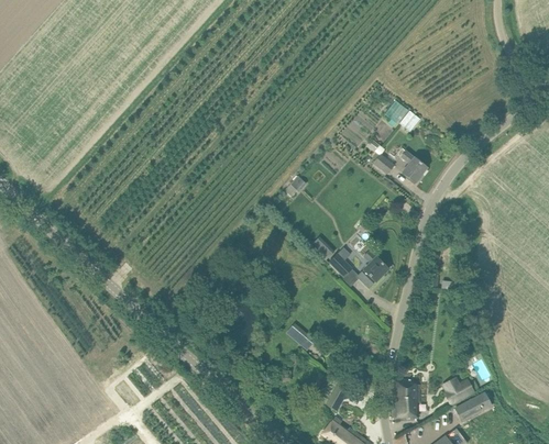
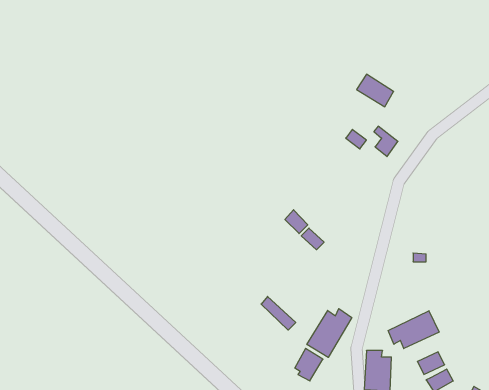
building: [358,251,387,287] -> none
building: none -> [307,309,352,357]
building: none -> [388,311,439,349]

